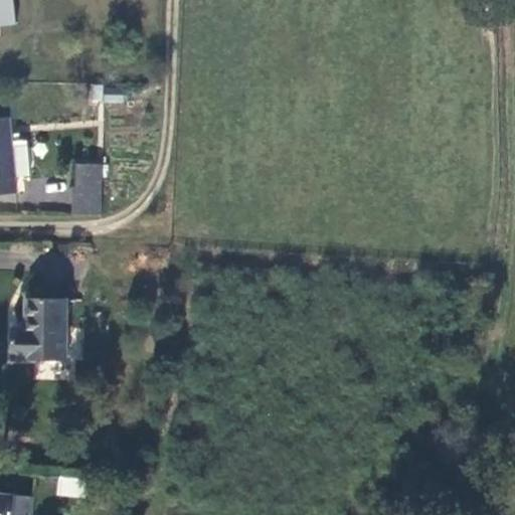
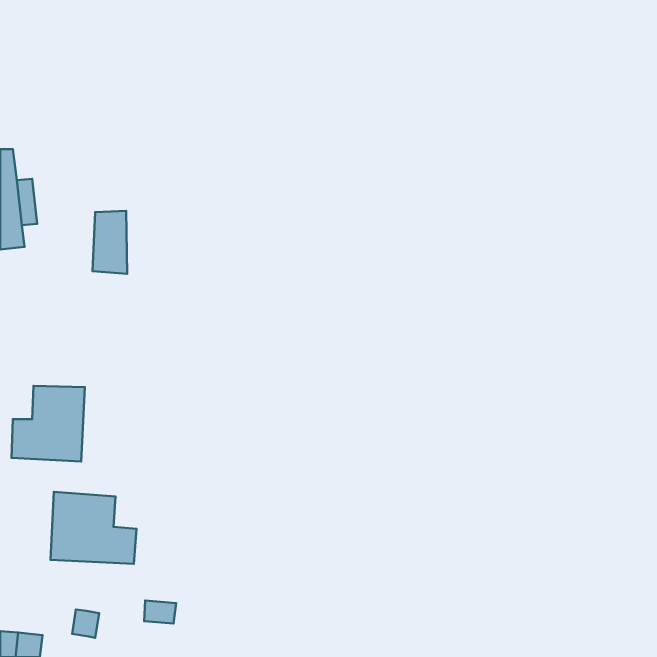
building: none -> [50,492,137,564]

